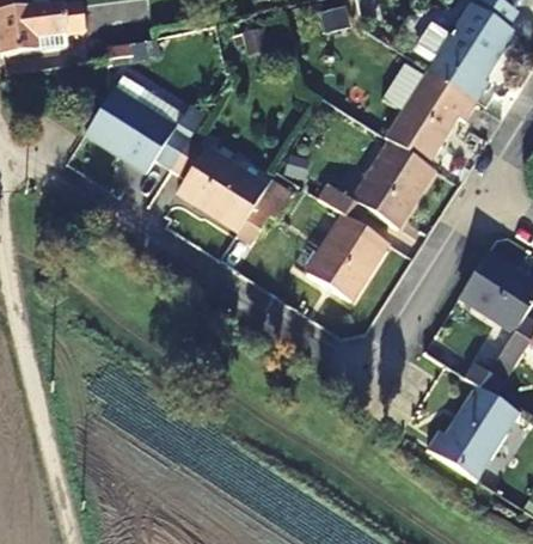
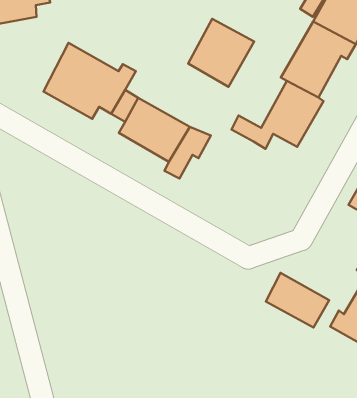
building: none -> [188,19,254,87]
building: [305,212,387,299] -> none
building: none -> [266,273,329,328]

